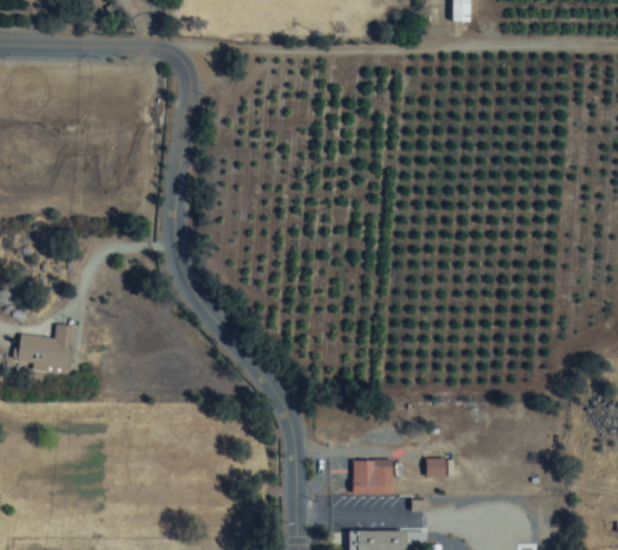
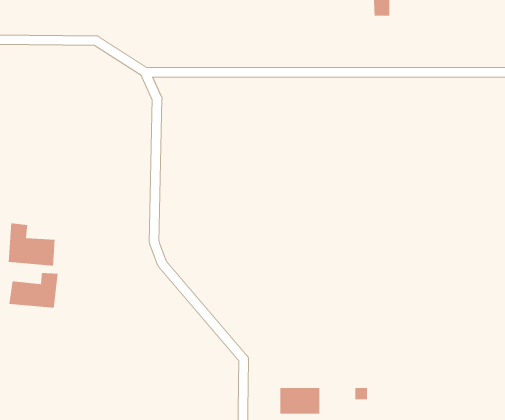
building: none -> [8,222,55,266]

